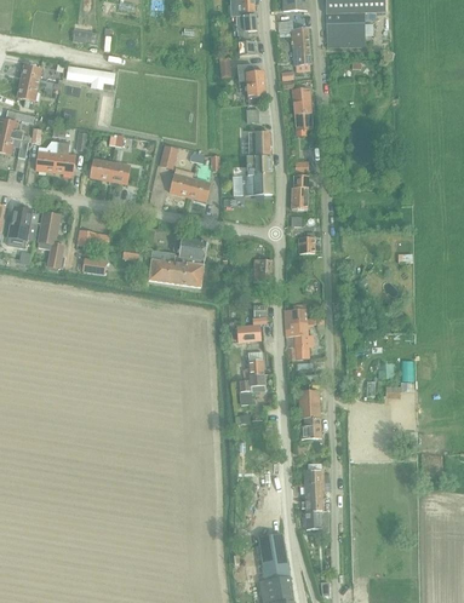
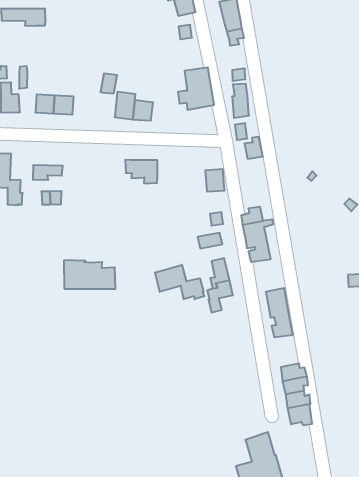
building: [241,131,268,154] -> none
building: [148,249,202,286] -> [64,260,115,289]
building: none -> [155,265,204,299]

